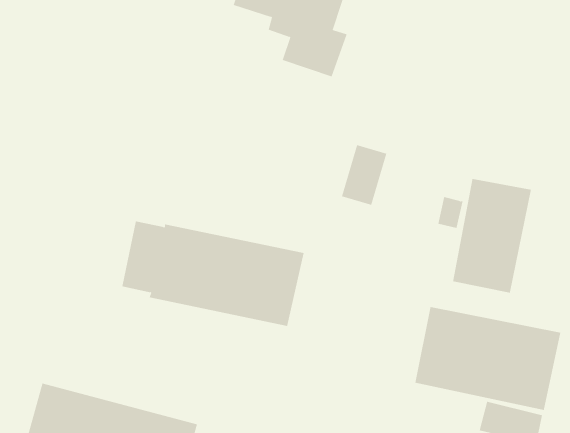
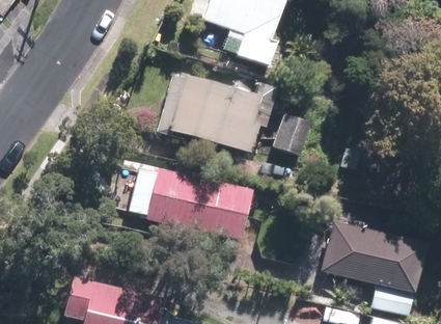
building: none -> [159,73,269,155]
building: [453,178,531,293] -> none

